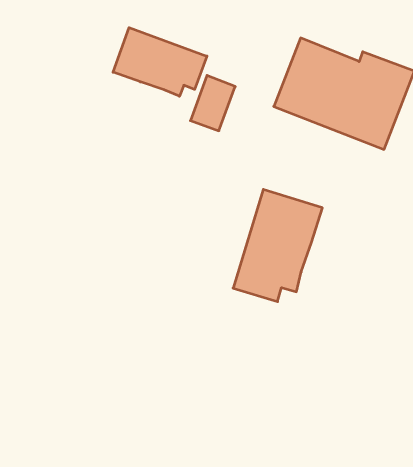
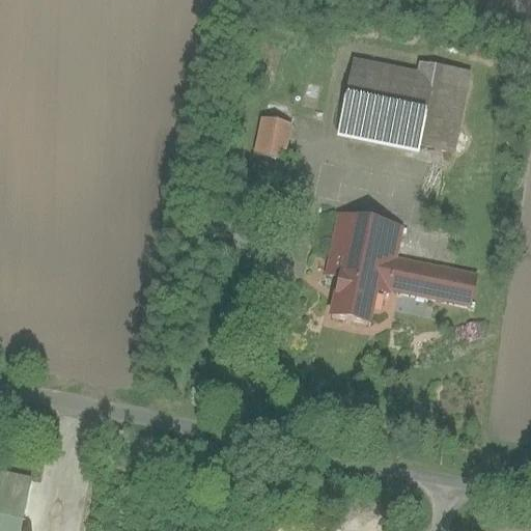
building: [113,28,207,96] -> none
building: none -> [387,258,476,305]

